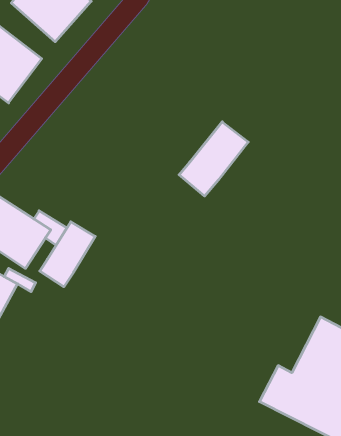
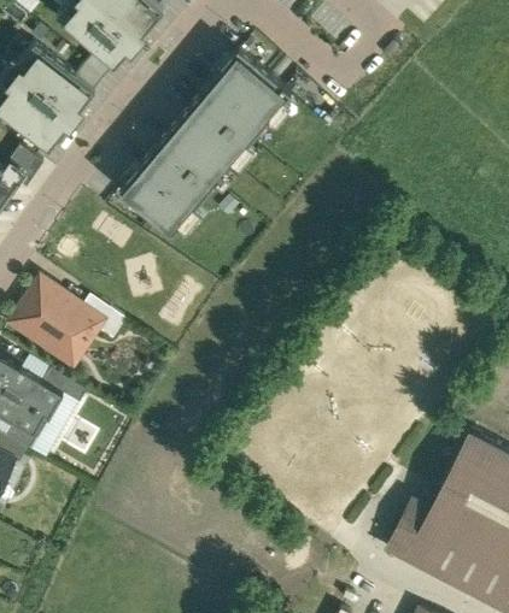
building: none -> [118,57,286,240]
building: [179,122,248,196] -> none
building: [40,222,95,287] -> none

